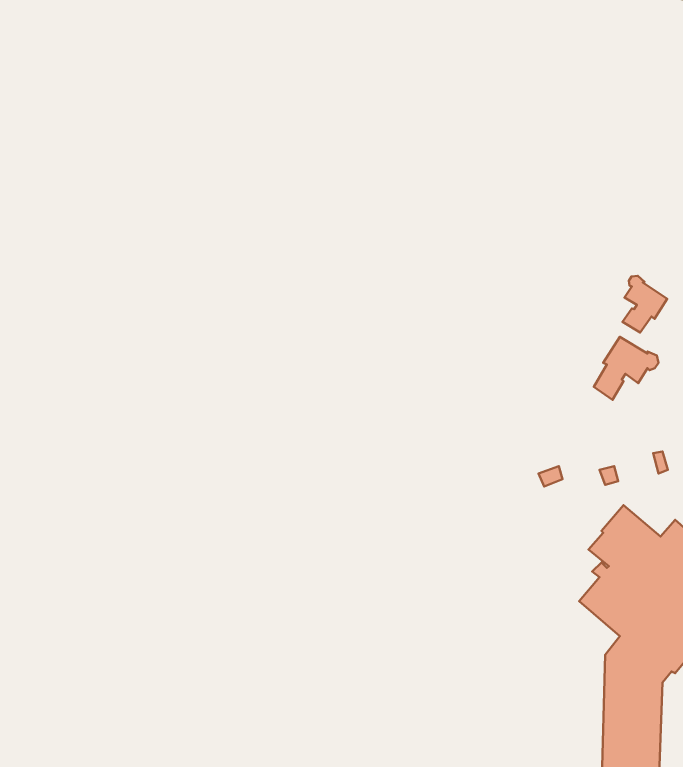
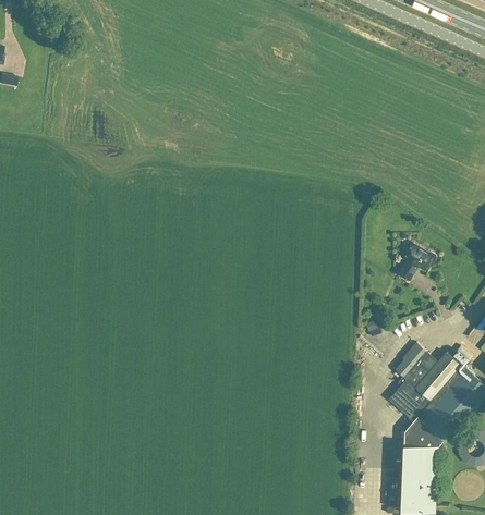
building: [623,276,667,332] -> none

